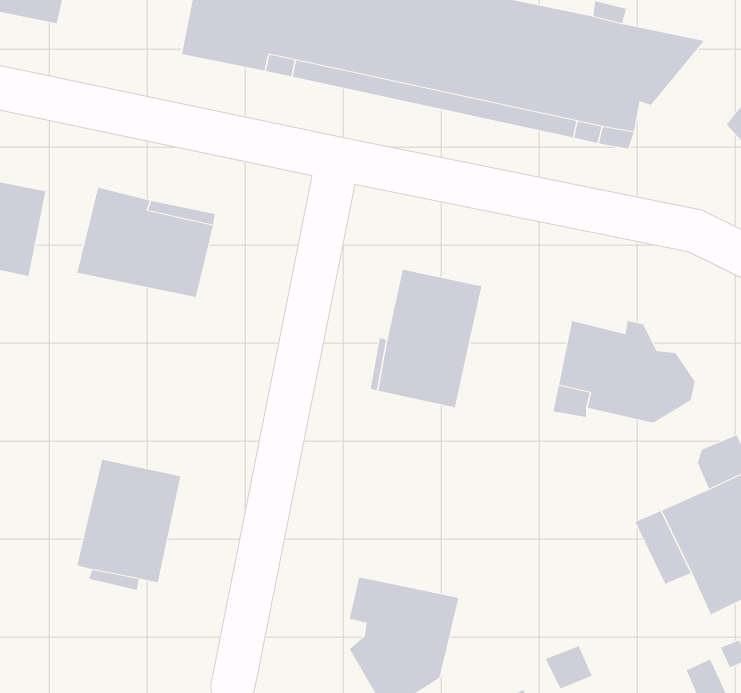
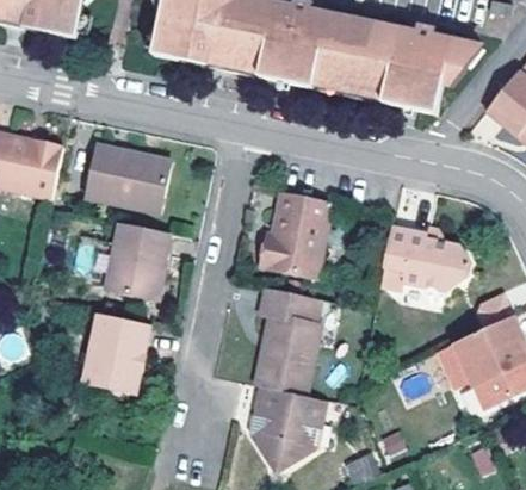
building: none -> [104,219,169,294]
building: none -> [261,289,327,395]

